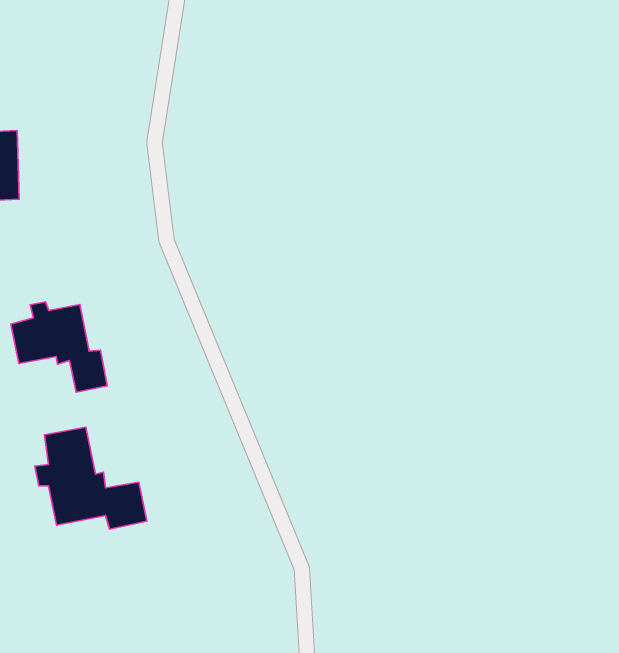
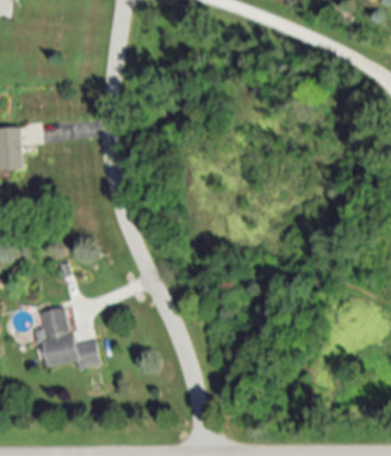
building: [11,302,107,392] -> none

